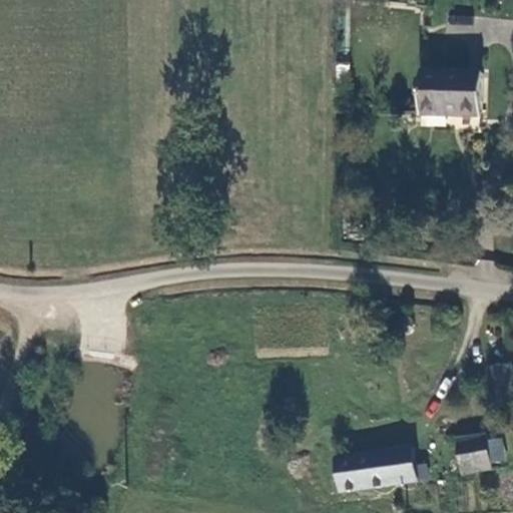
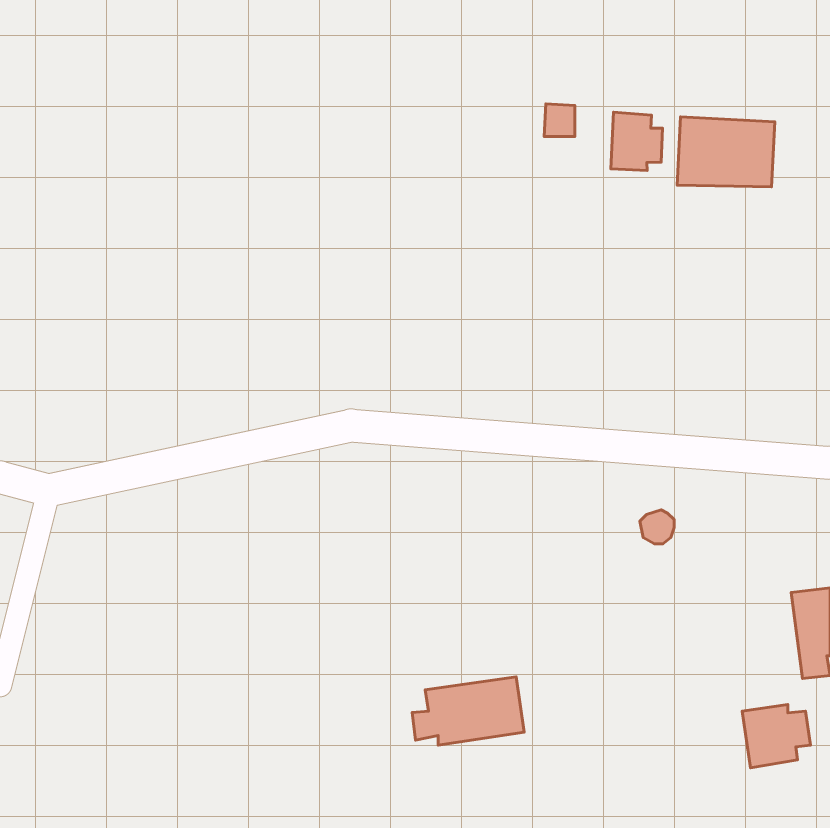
building: none -> [611,112,663,170]
building: [347,447,416,489] -> [412,677,524,745]

